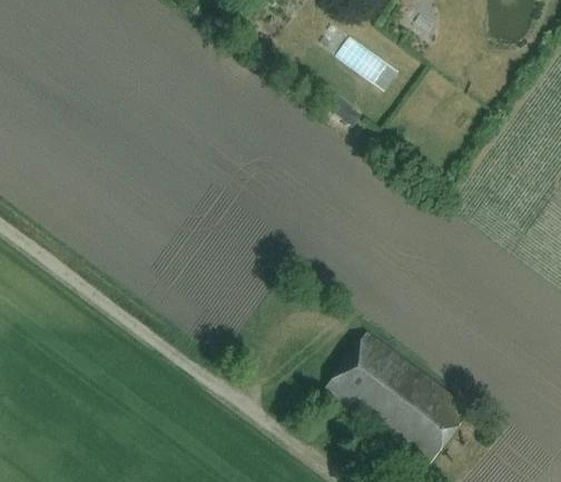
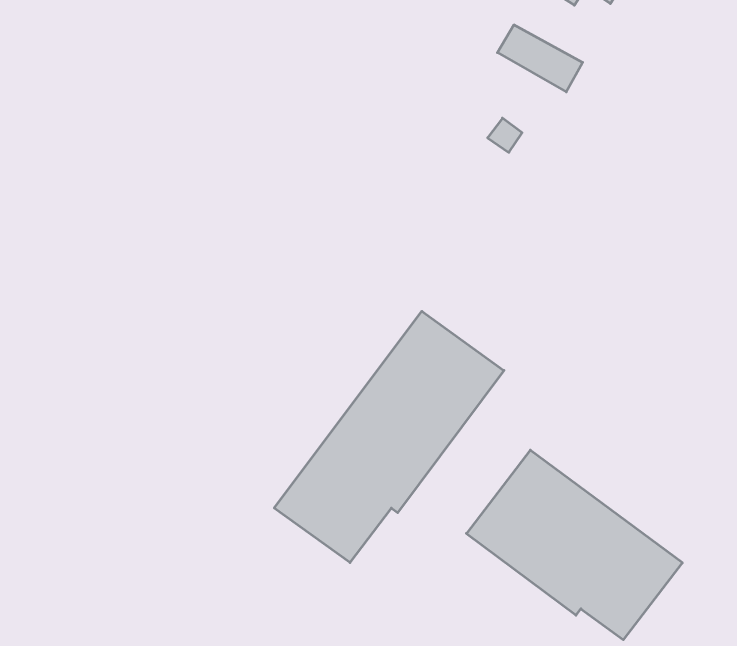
building: none -> [274,311,504,563]

